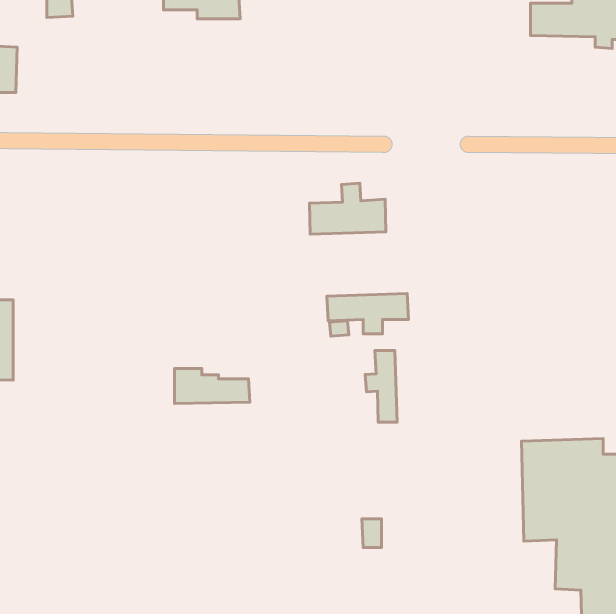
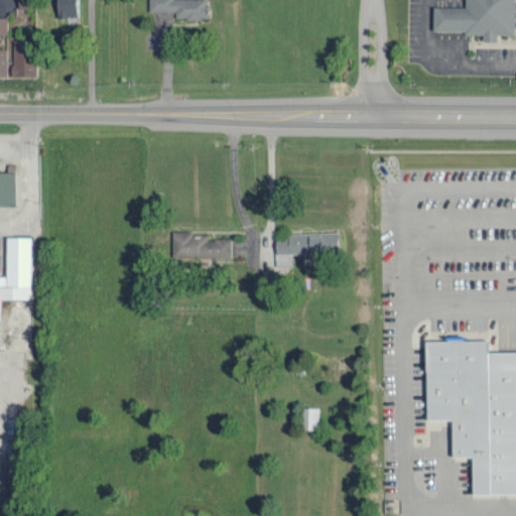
building: [310,183,386,234] -> none
building: [365,350,397,422] -> none
building: [175,369,250,404] -> [172,231,231,258]

